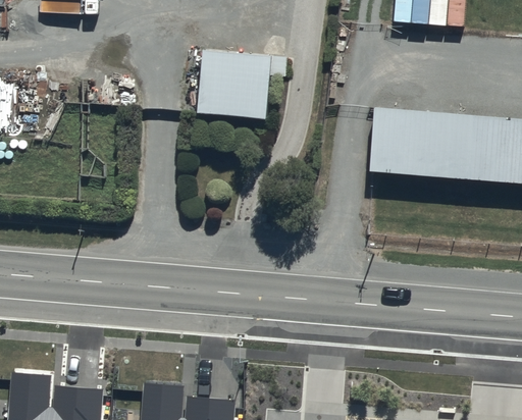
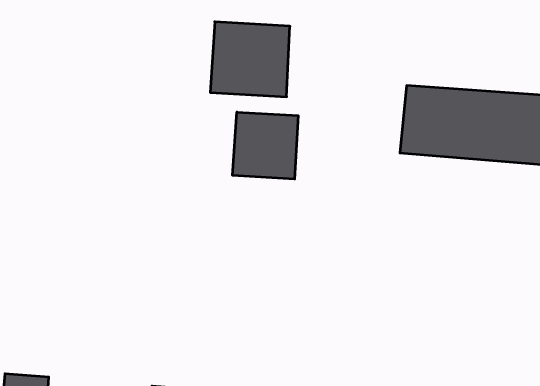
building: none -> [233,112,298,179]

